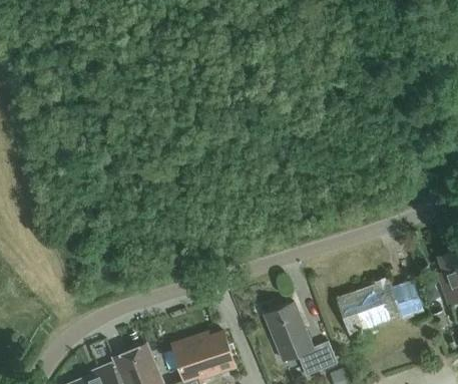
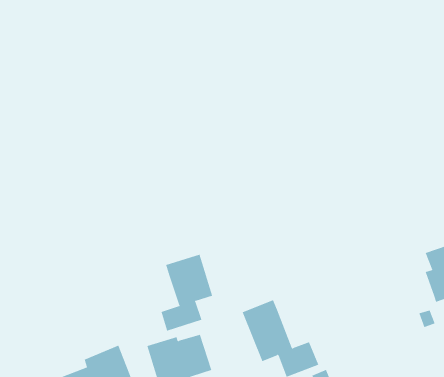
building: none -> [161,254,213,331]
building: [337,279,421,330] -> none

